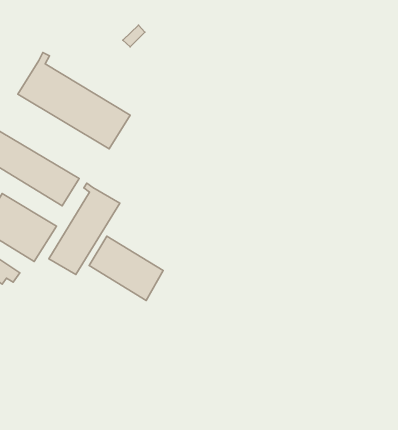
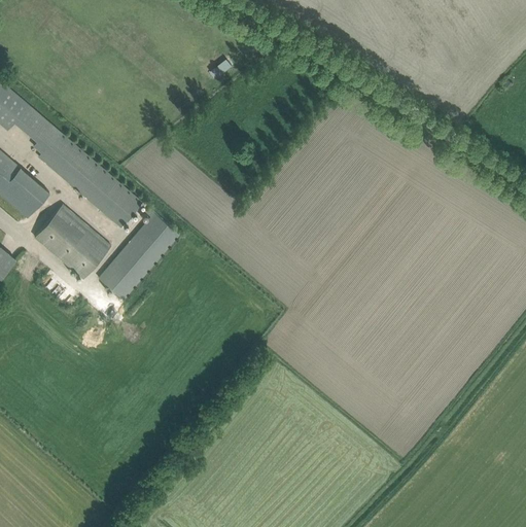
building: [18,52,130,149] -> none
building: [89,236,163,300] -> none

